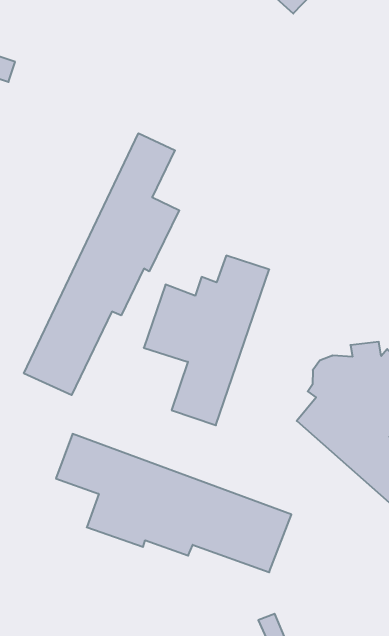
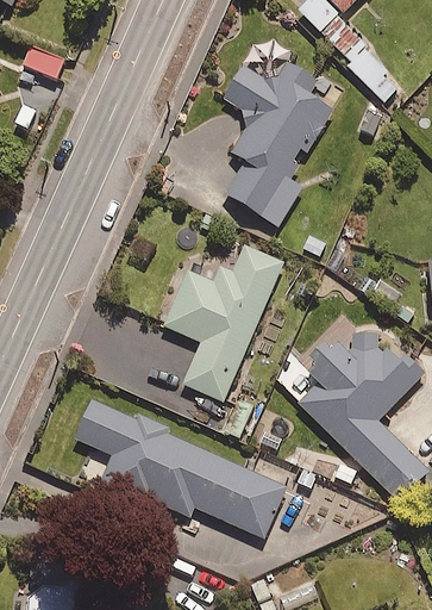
building: none -> [224,62,333,228]
building: [24,133,179,395] -> none

